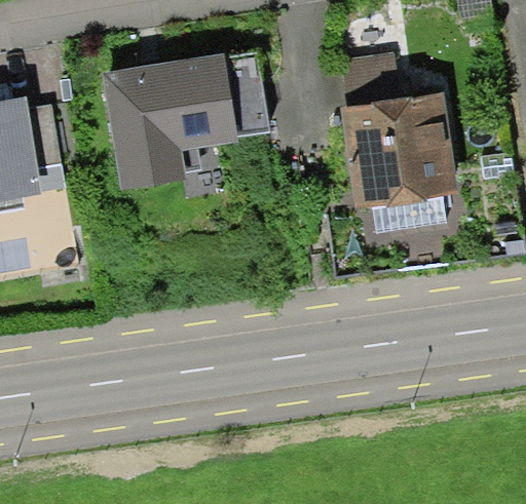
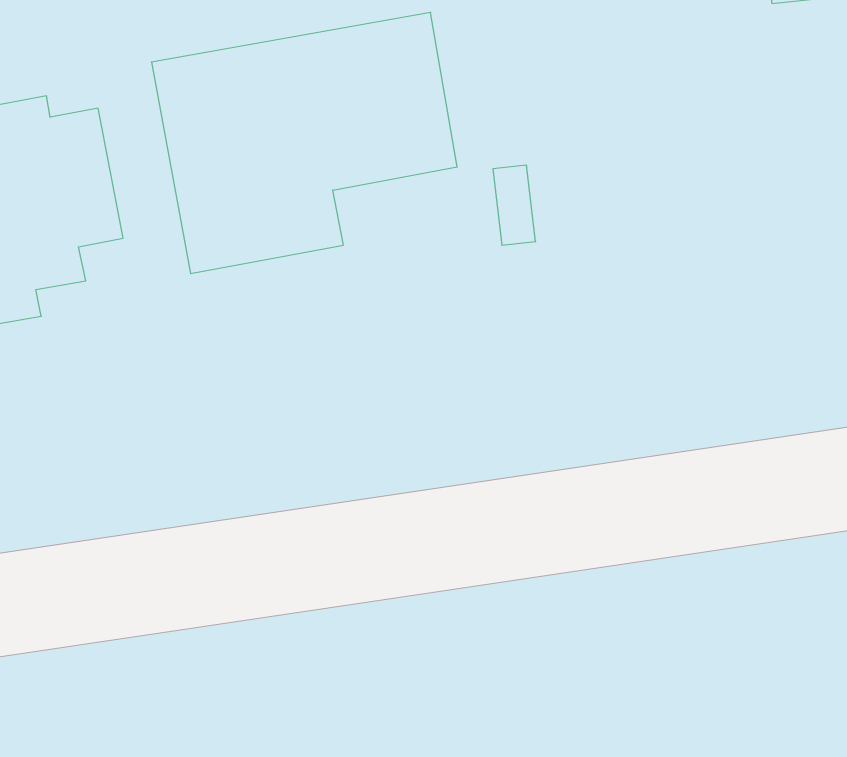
building: [335,59,459,233] -> none

